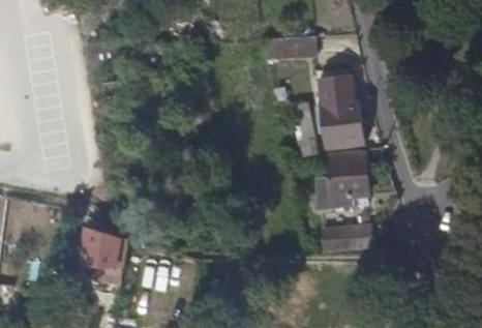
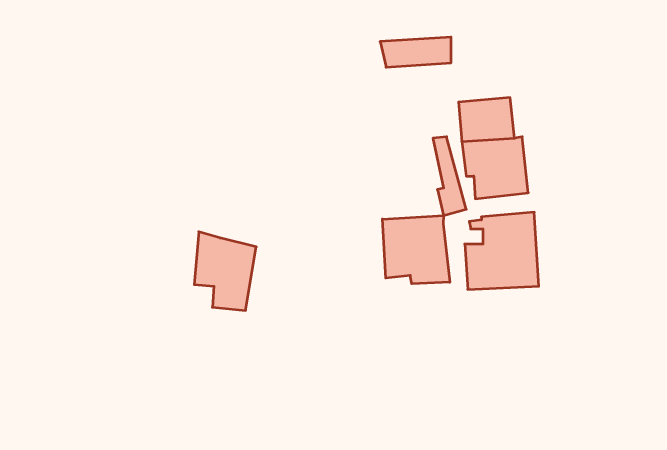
building: none -> [382,215,450,284]
building: [330,221,371,244] -> none
building: [87,234,129,288] -> [194,232,256,310]

